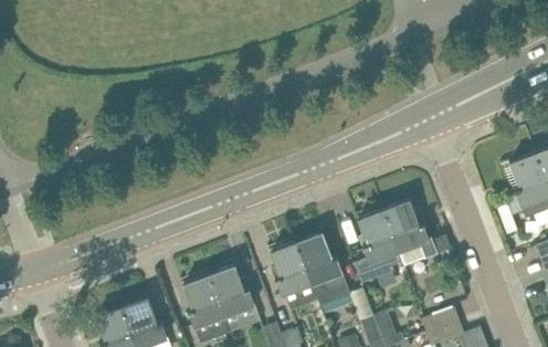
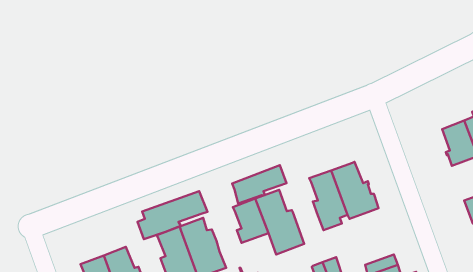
building: none -> [232,165,286,204]
building: none -> [137,191,207,239]

